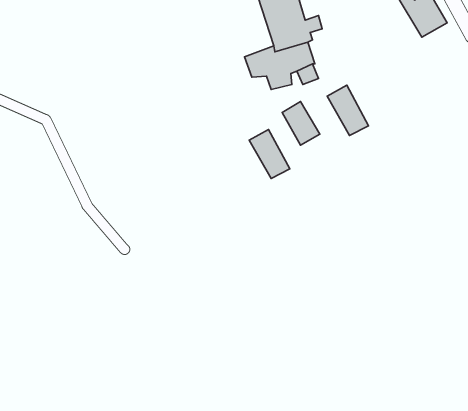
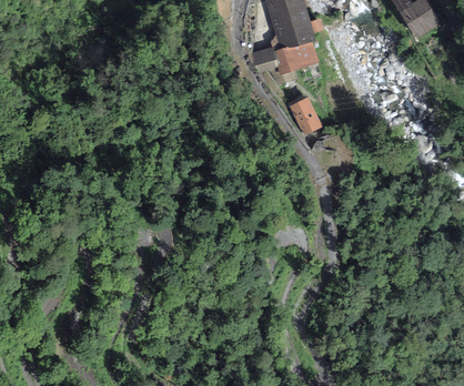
building: [327,85,368,136] -> none
building: [249,129,290,179] -> none

